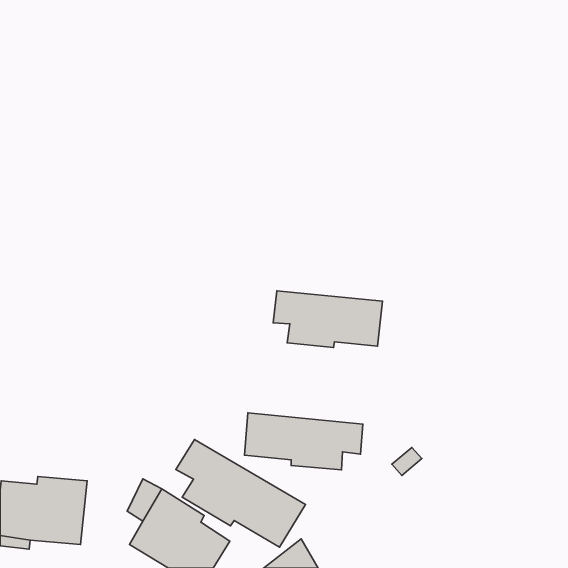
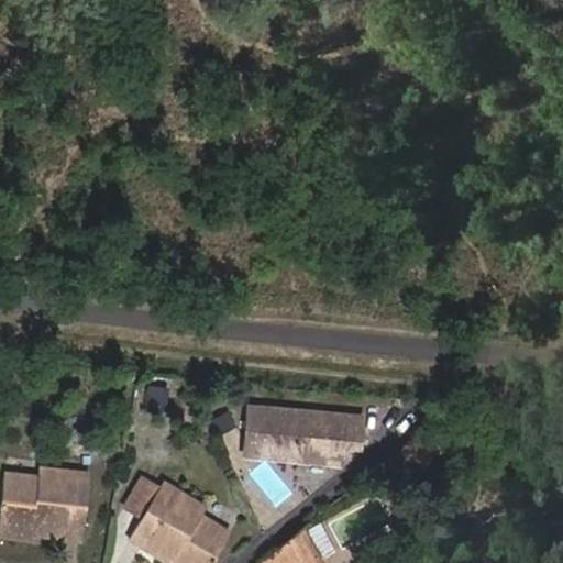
building: [273,291,383,348] -> none
building: [176,440,305,547] -> none

